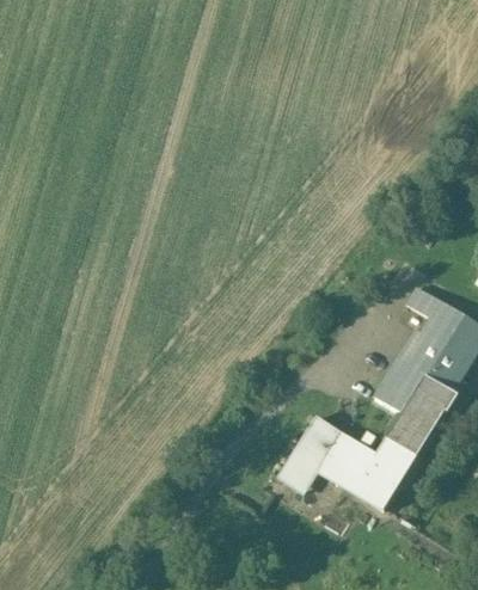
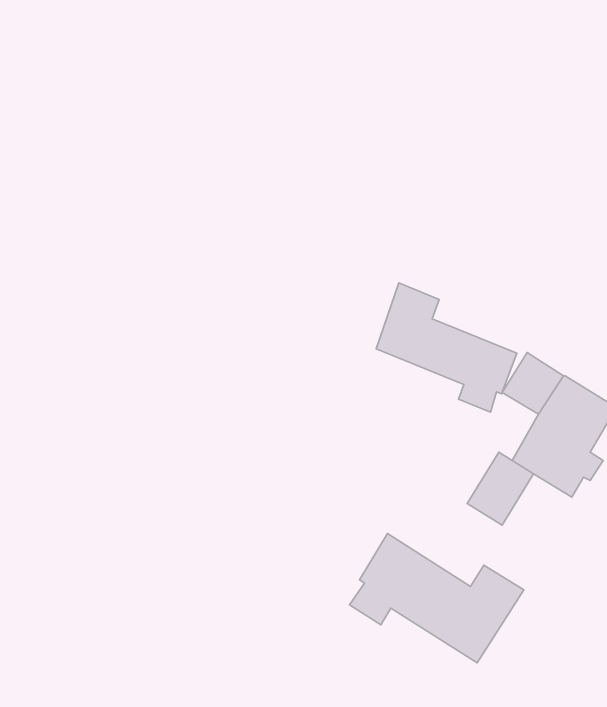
building: none -> [376,283,517,412]
building: [382,374,458,457] -> none

